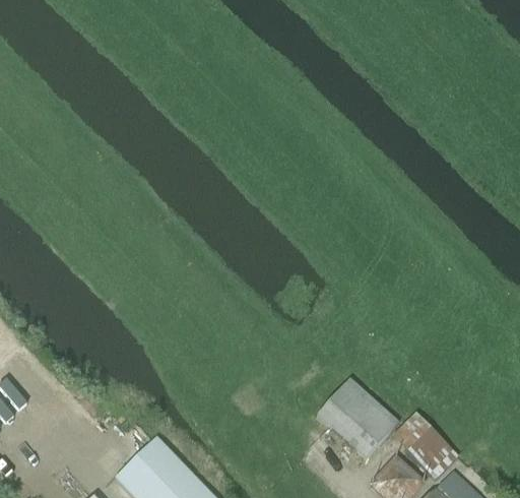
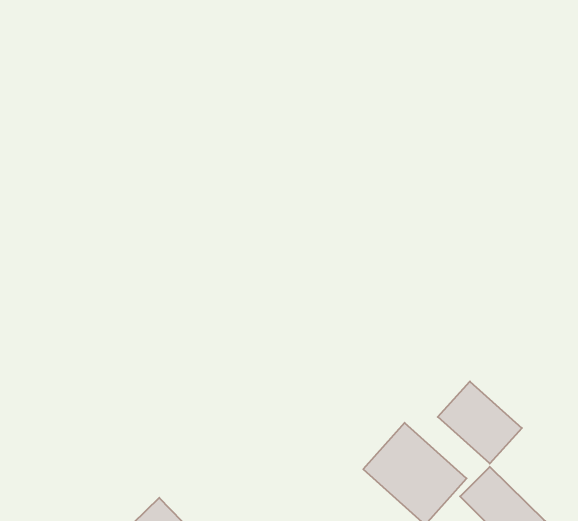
building: none -> [438,381,522,464]

